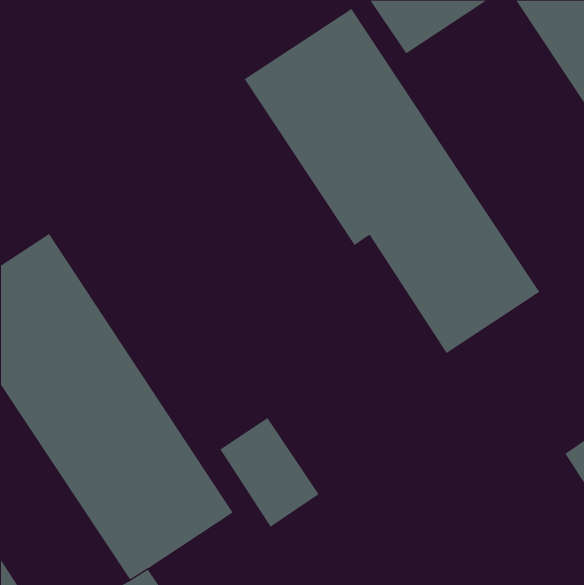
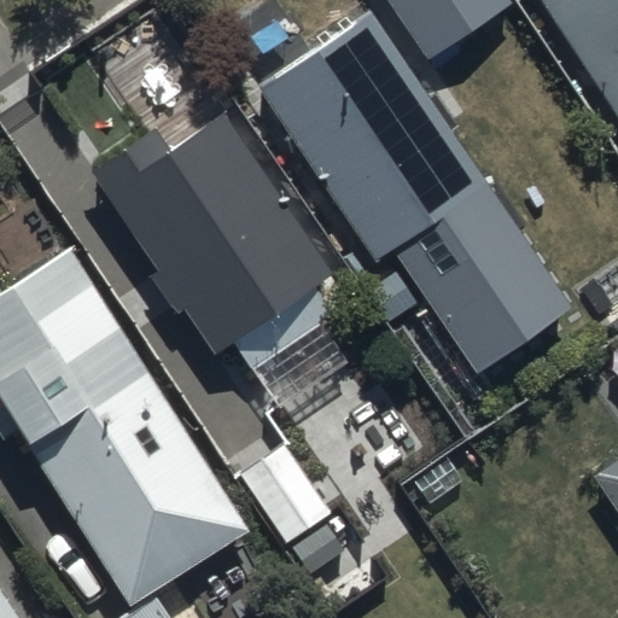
building: none -> [92,115,333,356]

